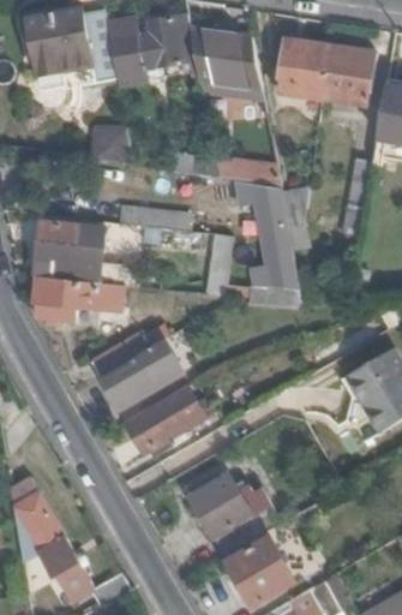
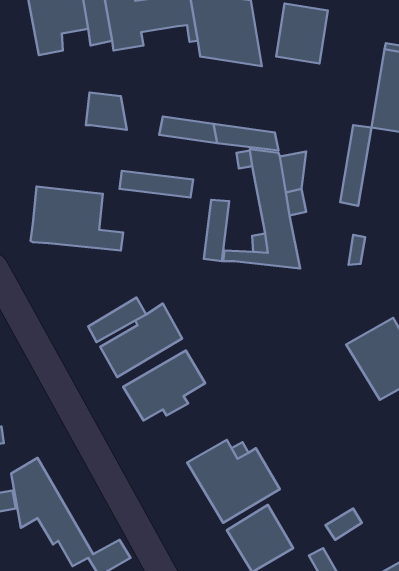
building: [319,44,374,105] -> none
building: [31,275,121,320] -> none

